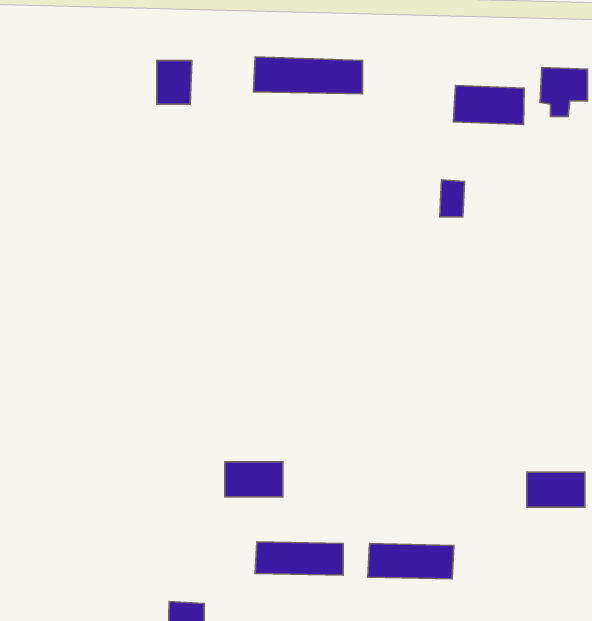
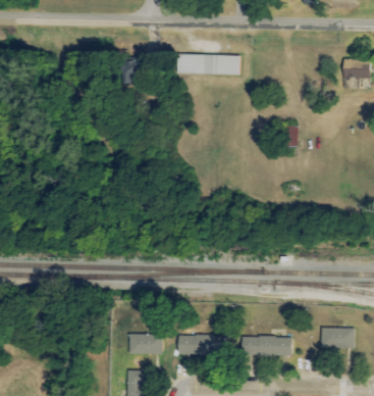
building: [454,85,524,124] -> none
building: [225,462,283,497] -> [129,334,163,354]
building: [527,472,585,507] -> [321,328,355,348]

